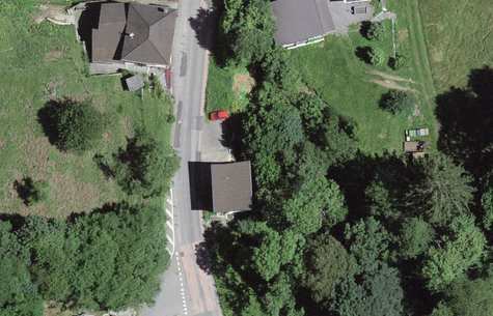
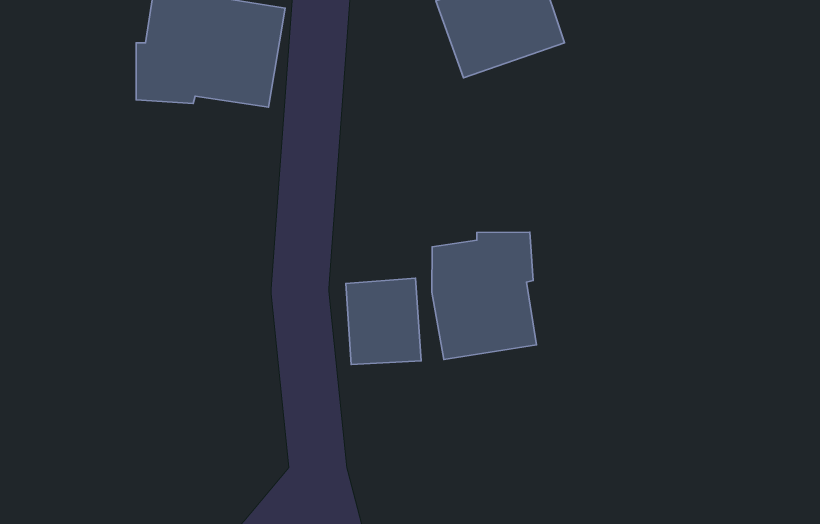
building: none -> [432,232,536,359]

